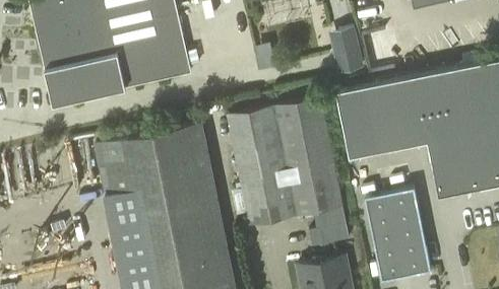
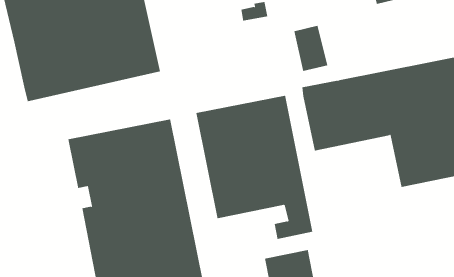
building: [365,190,430,281] -> none

